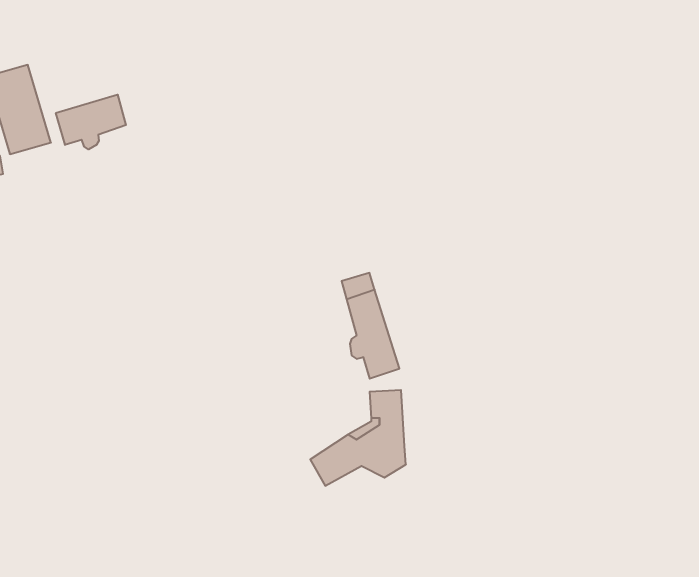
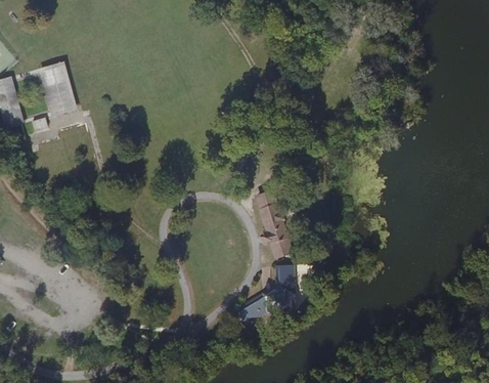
building: [56,95,126,149] -> none

